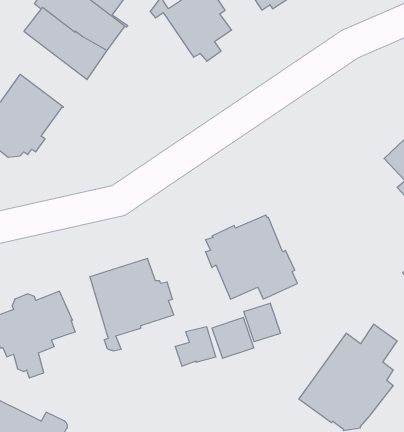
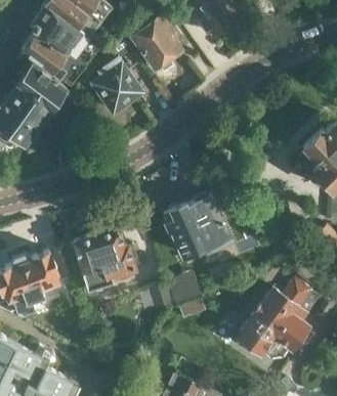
building: none -> [86,35,145,114]
building: none -> [19,63,69,109]
building: [244,303,280,342] -> none

